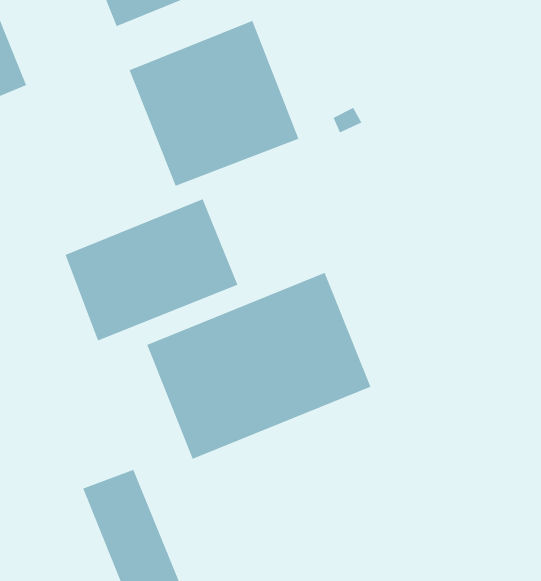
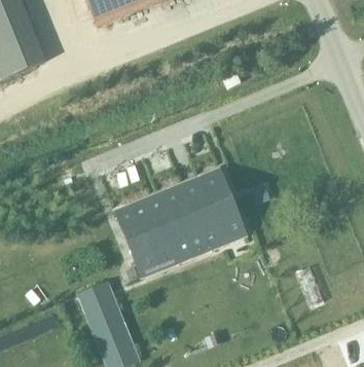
building: [128,20,299,187] -> none
building: [64,198,238,341] -> none

